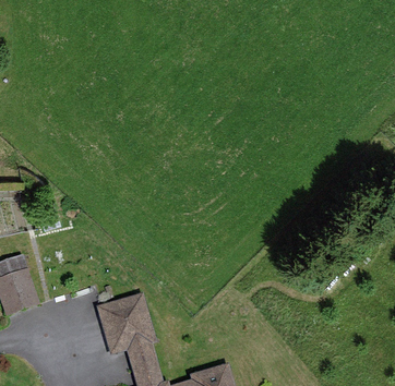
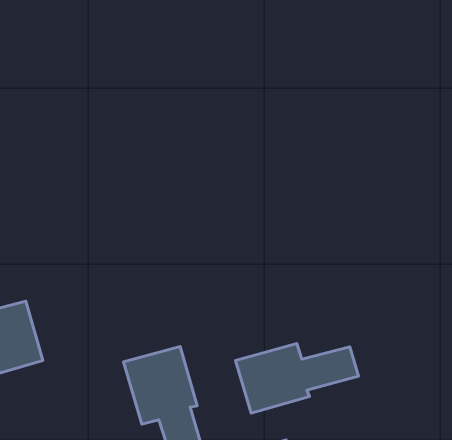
building: none -> [235,343,359,413]

